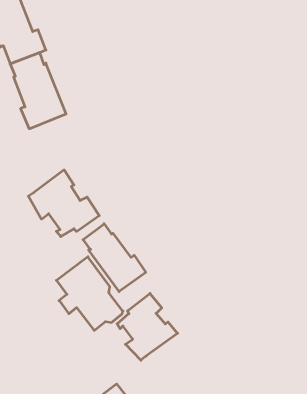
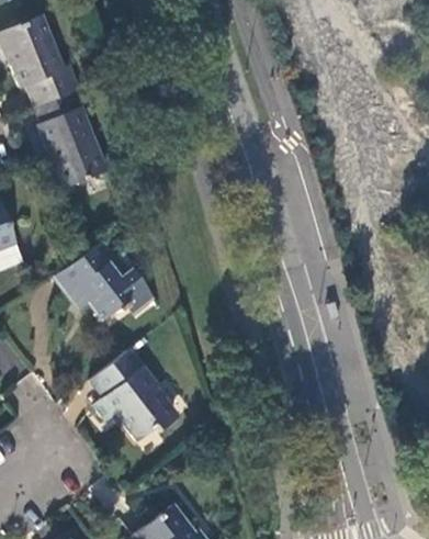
building: [83,224,146,292] -> none
building: [117,293,178,360] -> none

